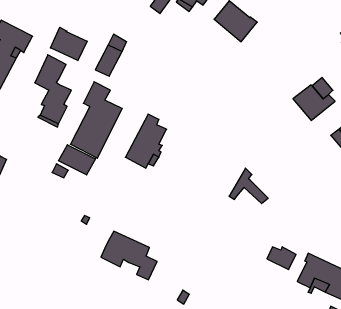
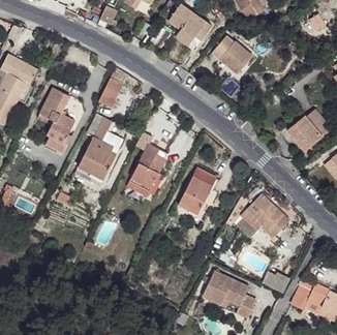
building: [50,27,87,61] -> none
building: none -> [179,168,217,213]
building: [58,145,96,175] -> none
building: none -> [247,192,290,236]
building: [101,231,157,280] -> [203,271,256,317]

